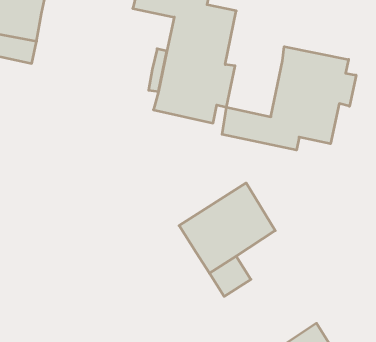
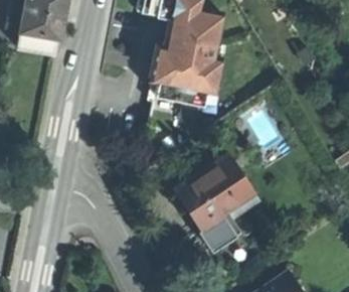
building: [222,47,356,150] -> none

